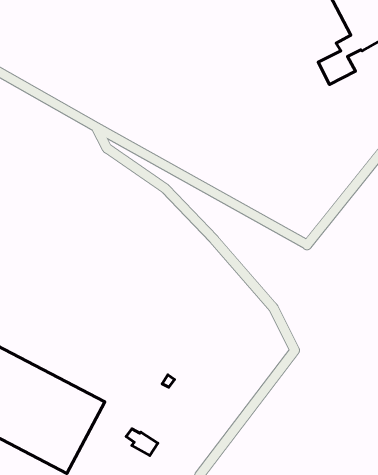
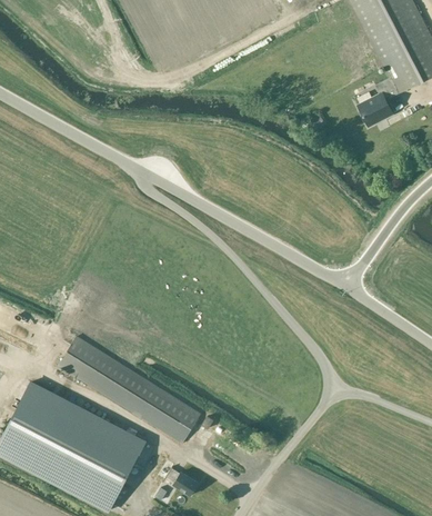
building: none -> [59,336,201,443]

